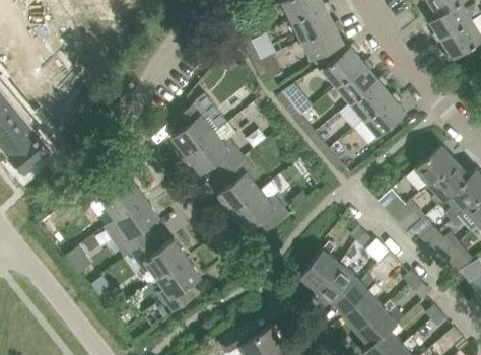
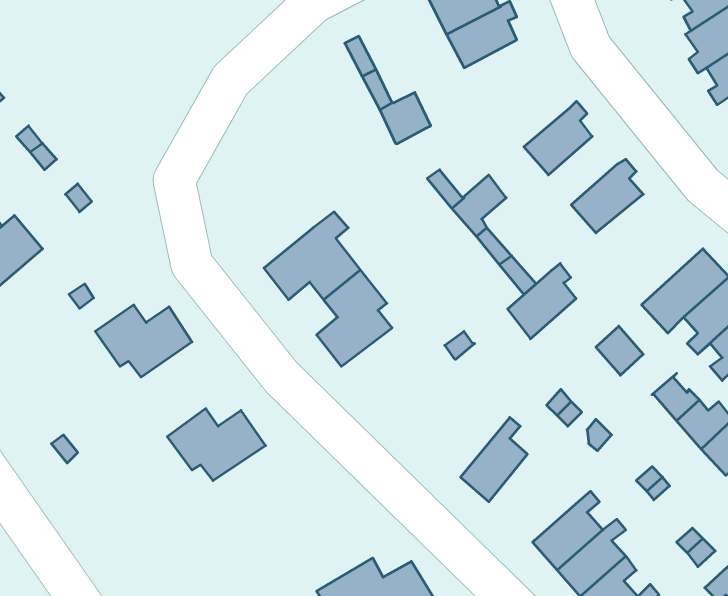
building: [302,21,343,60] -> none
building: [323,44,363,86] -> none
building: [351,76,391,120] -> [508,263,576,339]
building: [171,100,227,156] -> none
building: [231,191,288,232] -> none
building: [104,199,159,254] -> none
building: [393,201,425,234] -> none
building: [317,256,368,313] -> none
building: [157,259,201,313] -> none

